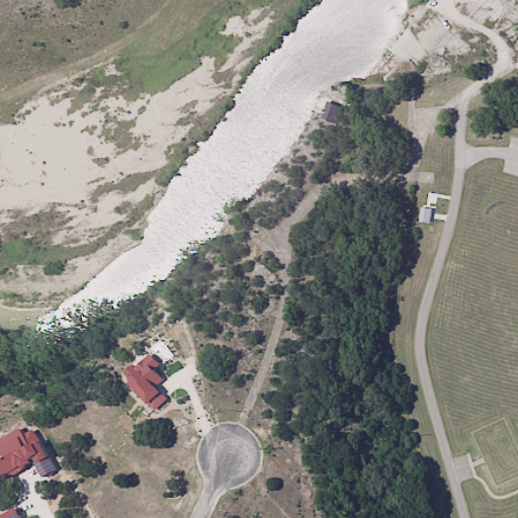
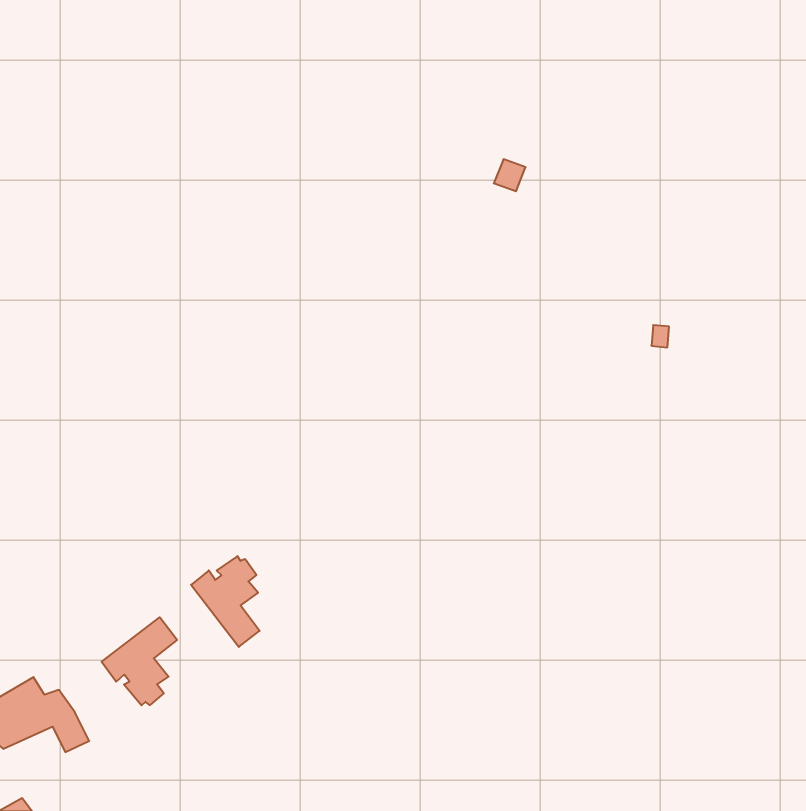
building: none -> [102,617,177,705]

